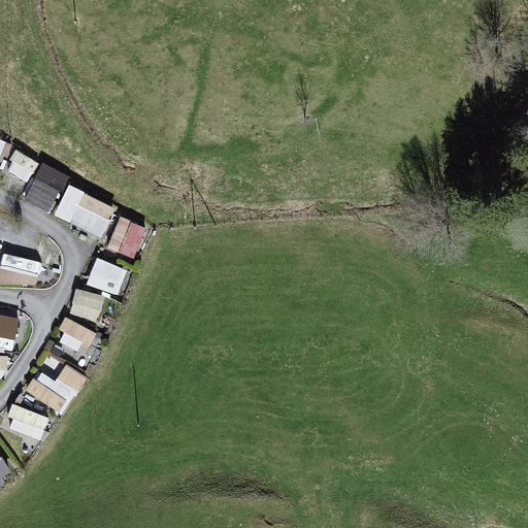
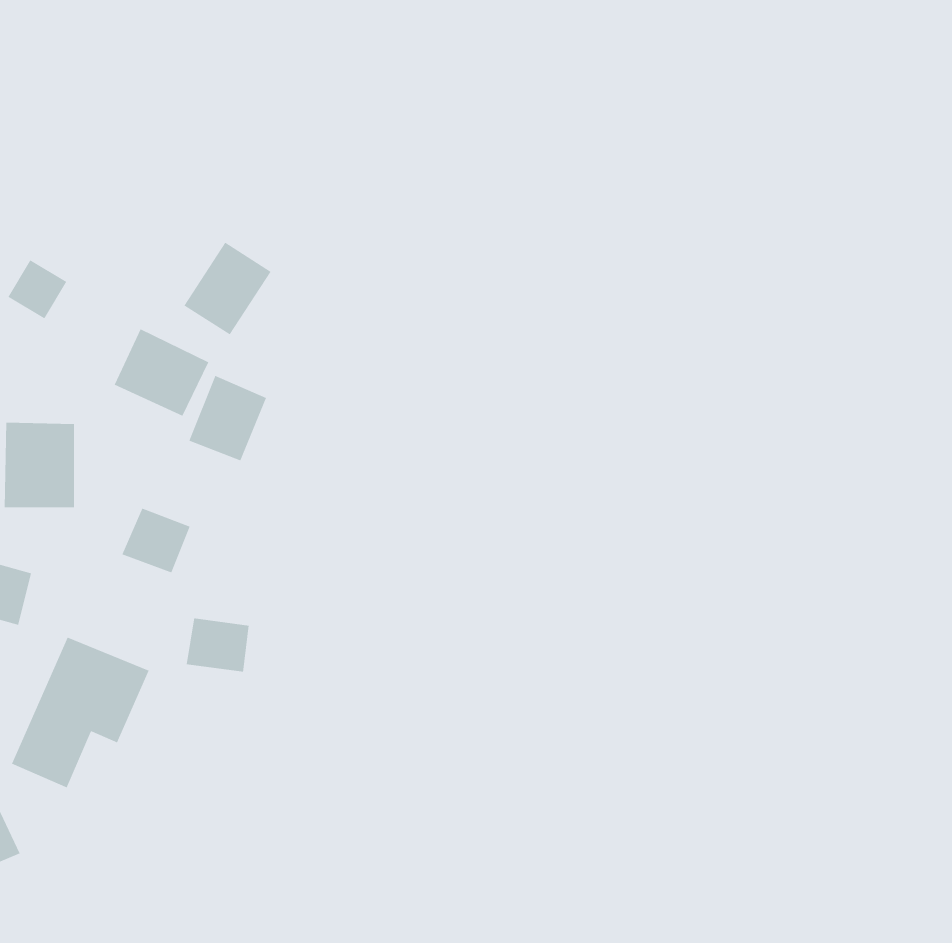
building: [21,161,69,212] -> [184,242,271,335]
building: [85,258,127,296] -> none
building: [59,321,94,351] -> [186,618,249,672]

